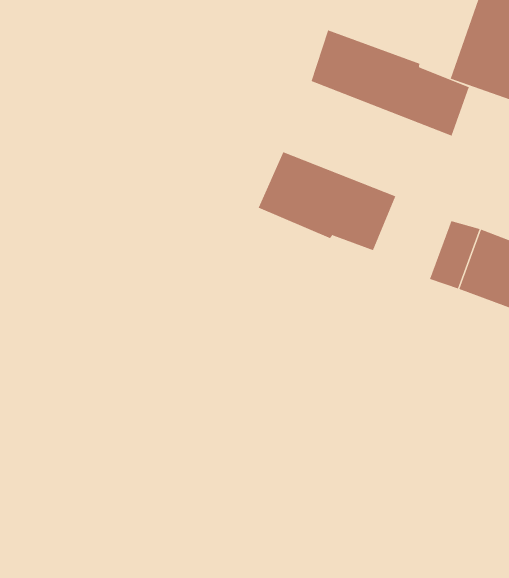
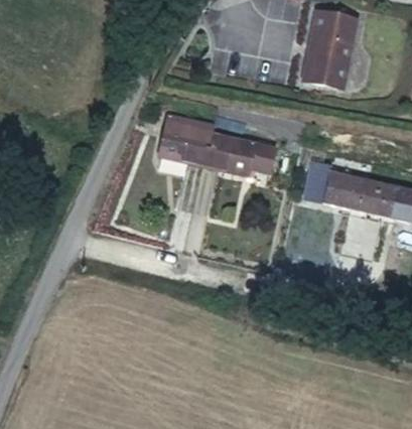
building: [311,29,470,137] -> none
building: none -> [159,119,215,175]

